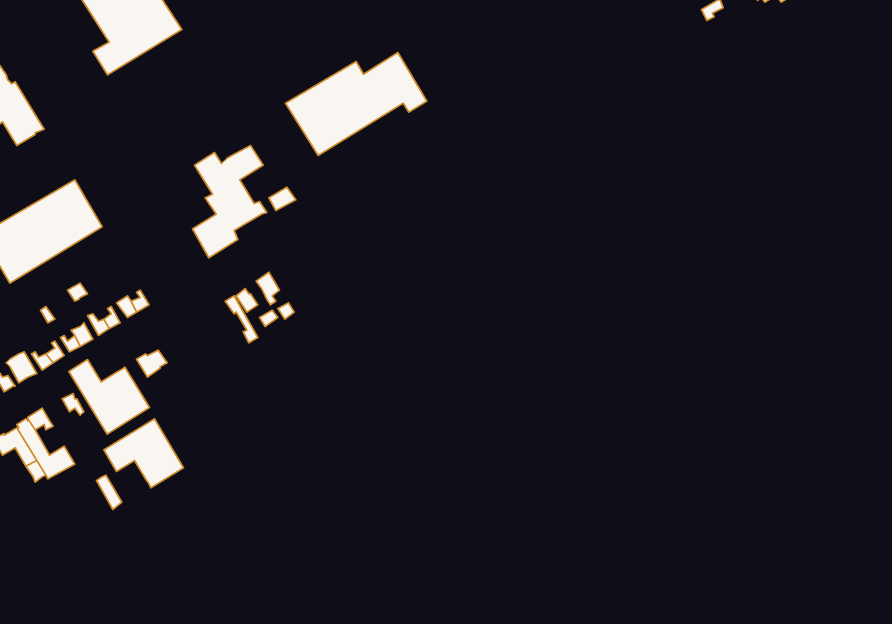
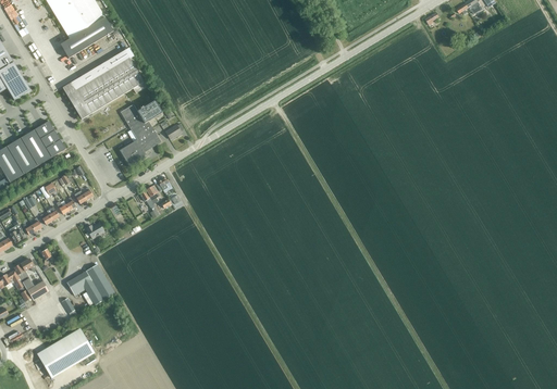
building: [286,52,427,156] -> [61,58,146,120]
building: [69,359,149,434] -> none
building: none -> [37,329,94,377]

